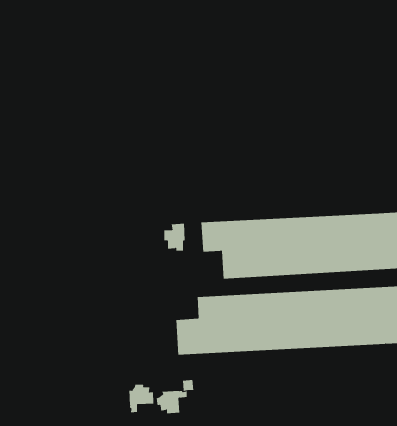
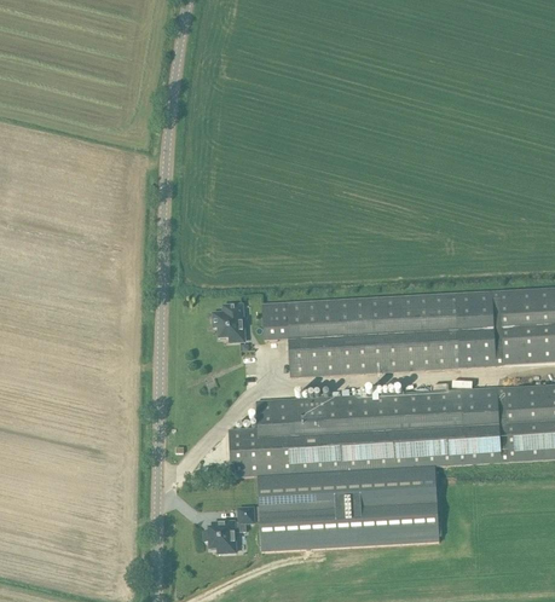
building: none -> [258,467,439,551]
building: [129,384,154,413] -> none

